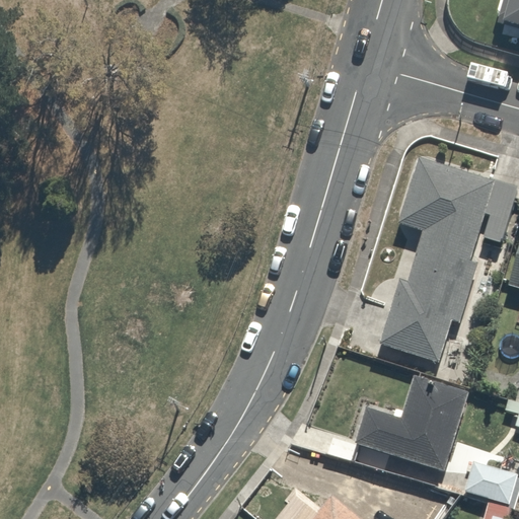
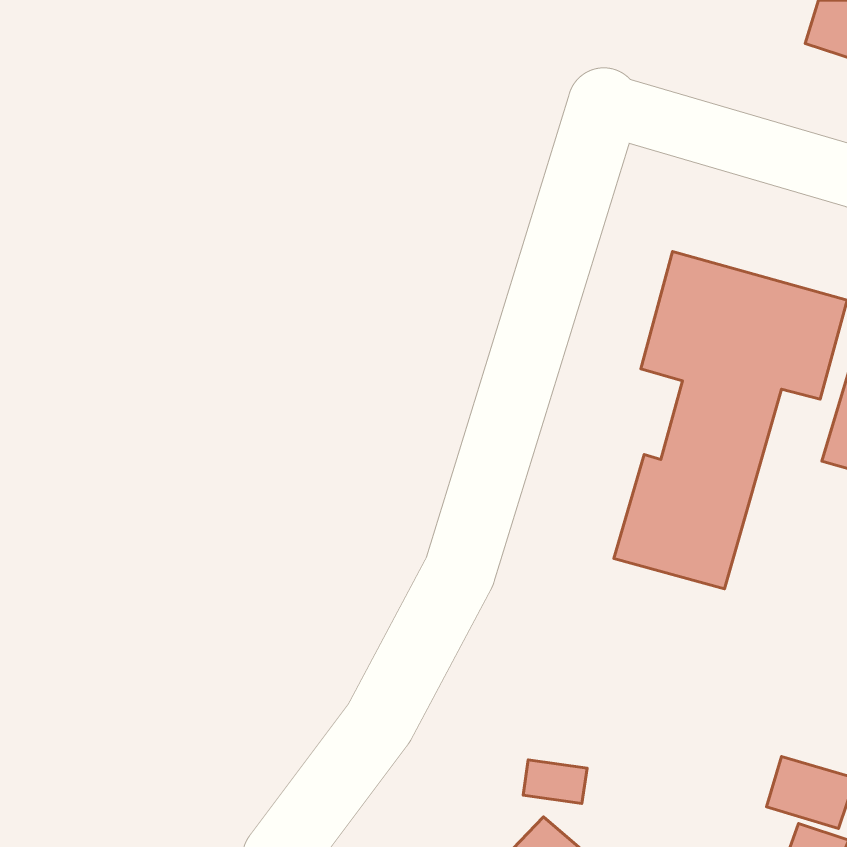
building: [356,378,471,477] -> none

